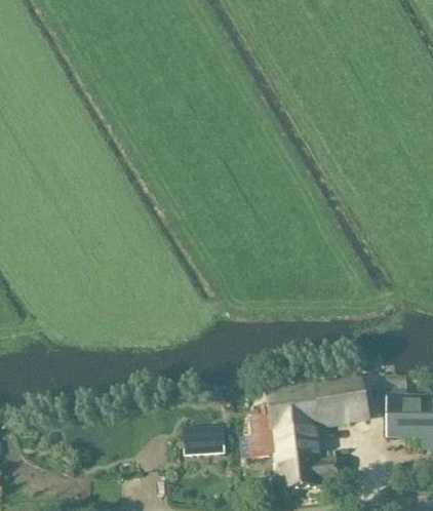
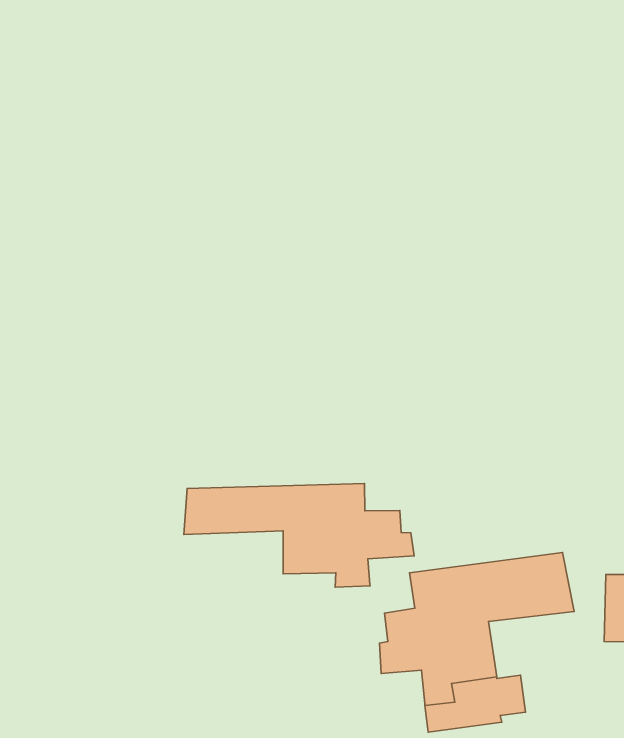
building: none -> [184,484,414,587]
building: [186,427,223,451] -> none

